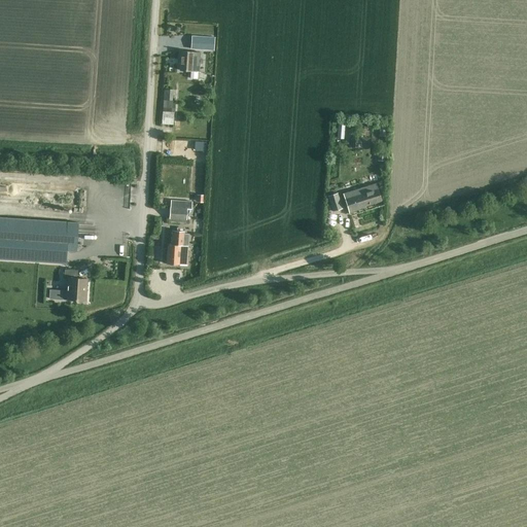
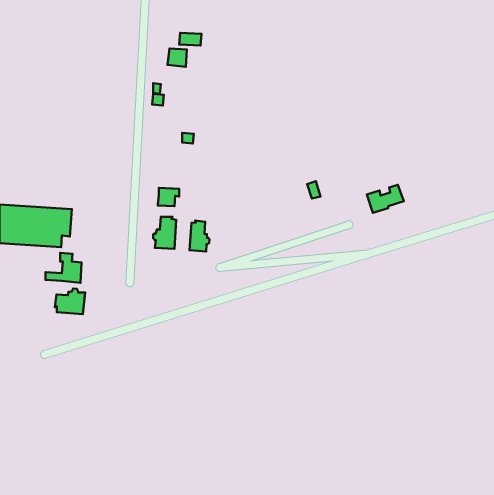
building: [342,183,381,213] -> [367,185,404,213]
building: none -> [190,220,210,252]
building: none -> [55,288,85,314]

